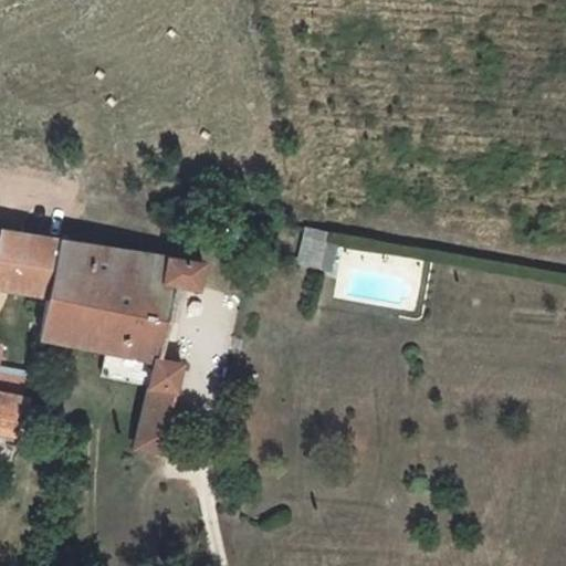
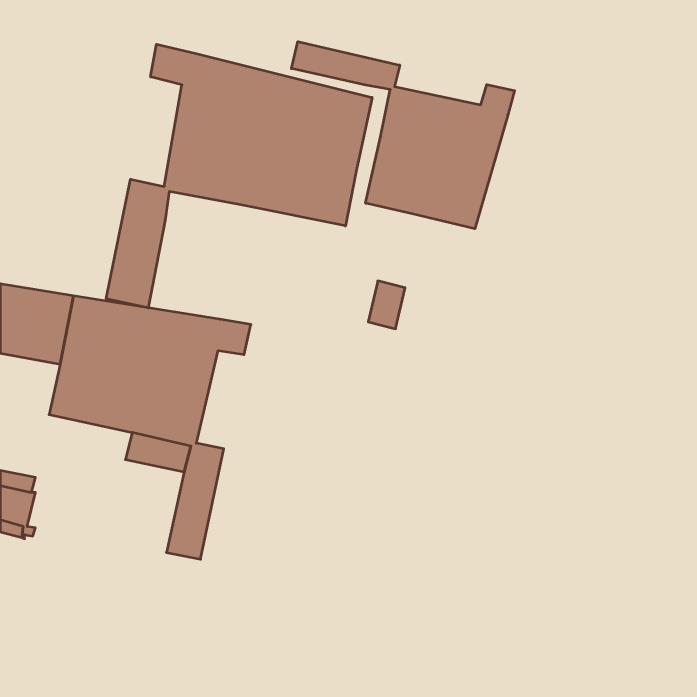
building: none -> [291,42,515,229]
building: none -> [106,44,372,308]

